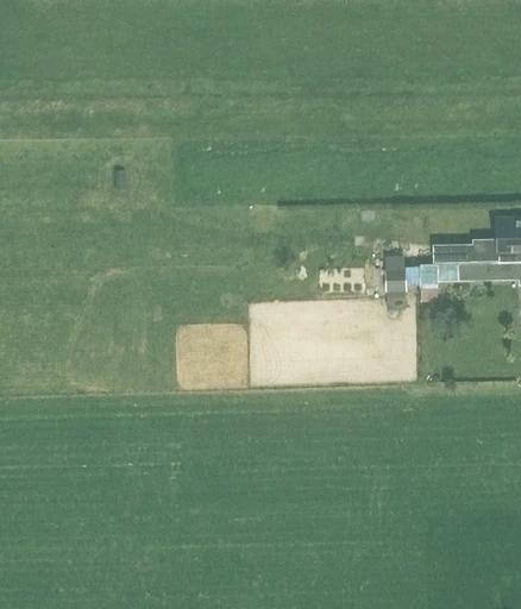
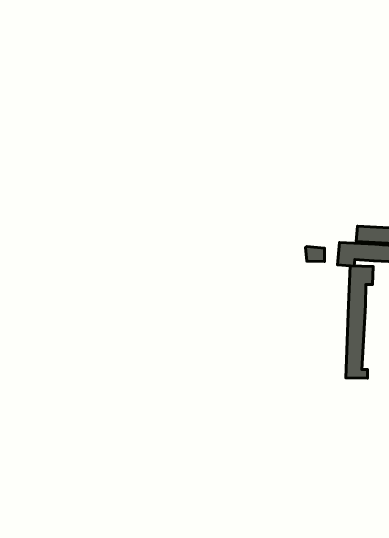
building: none -> [346,266,373,378]

